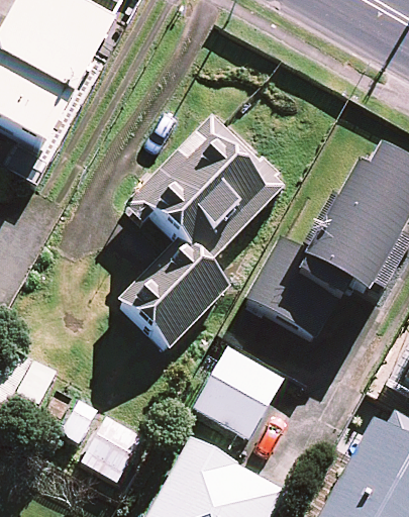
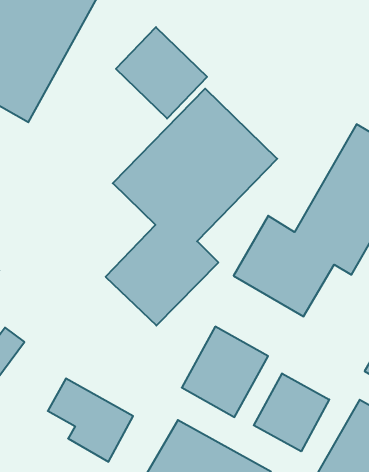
building: none -> [116,27,207,119]
building: none -> [254,373,329,451]

